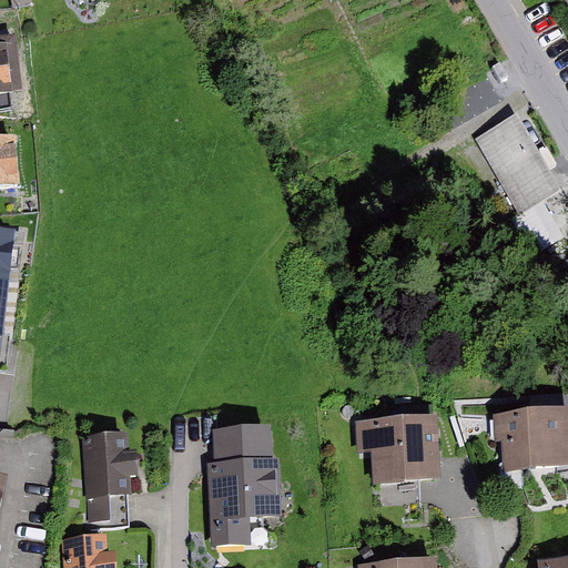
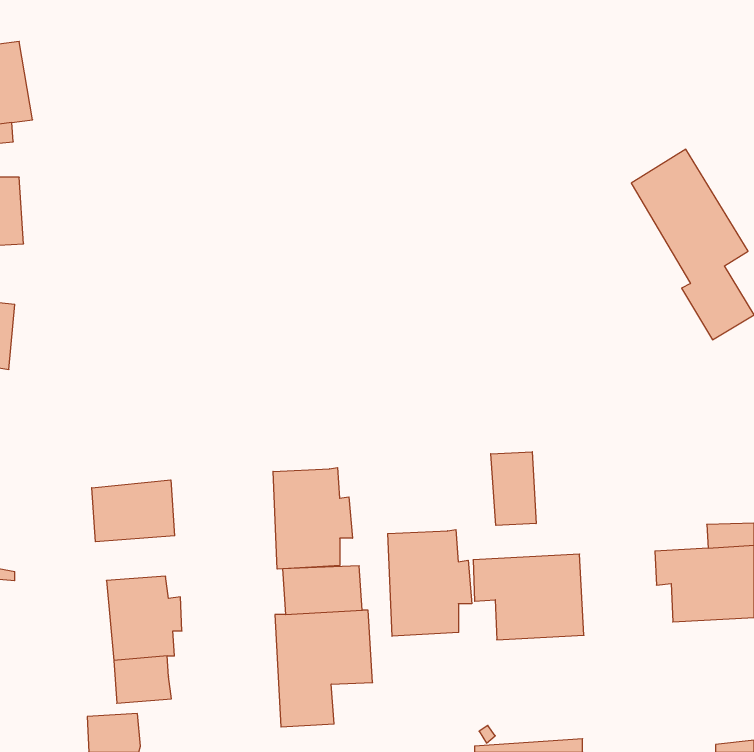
building: none -> [491,452,536,525]
building: none -> [273,468,352,569]
building: none -> [92,480,175,542]
building: none -> [388,530,472,636]

